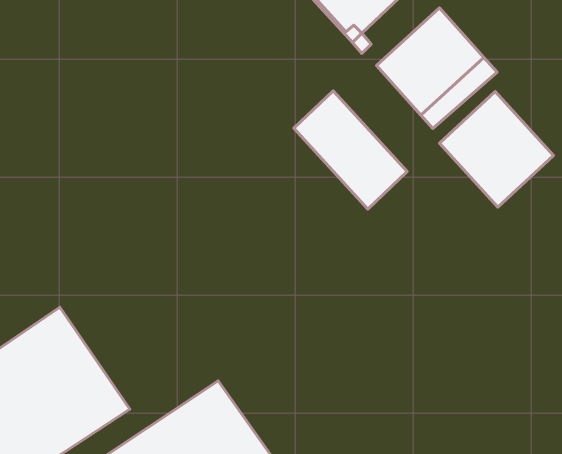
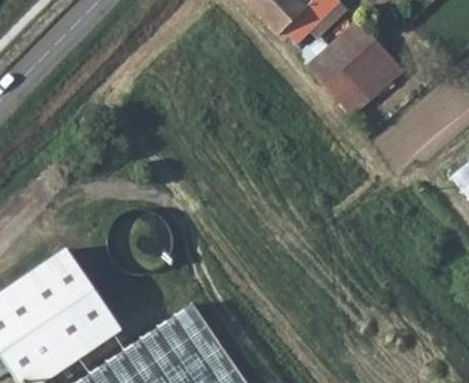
building: [294,91,407,209] -> none
building: [440,91,554,207] -> none

